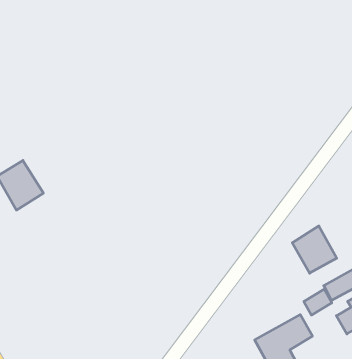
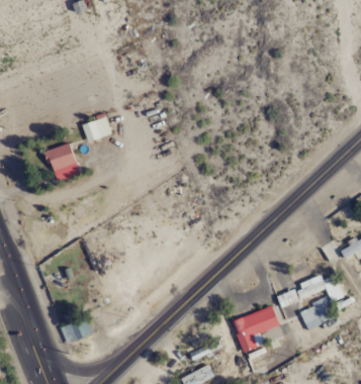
building: none -> [81,115,110,140]
building: [292,226,337,273] -> none

